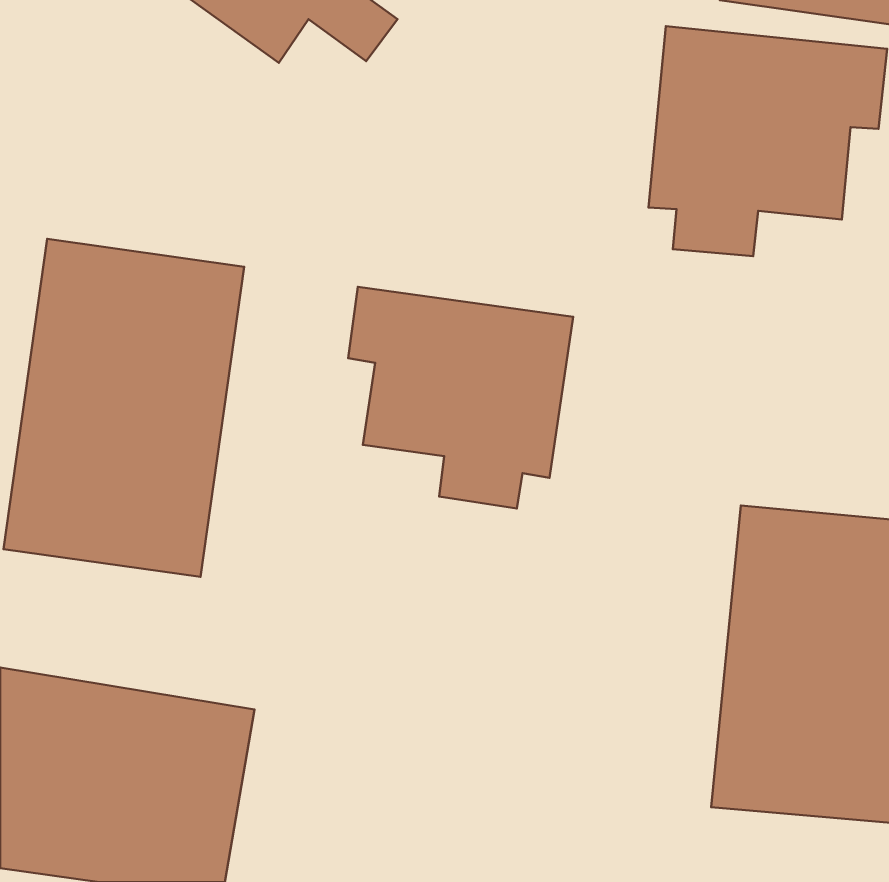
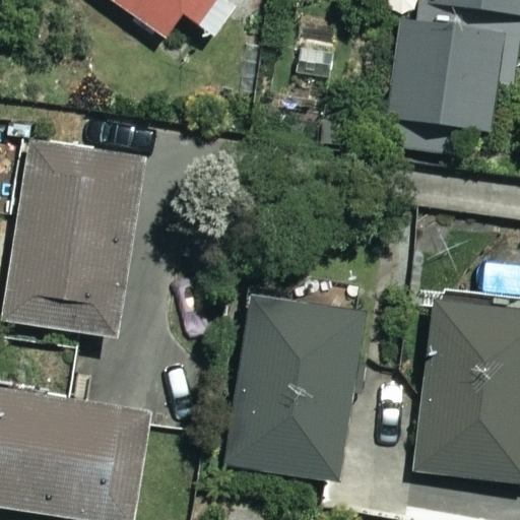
building: [348,287,573,509] -> none
building: none -> [224,297,365,480]

